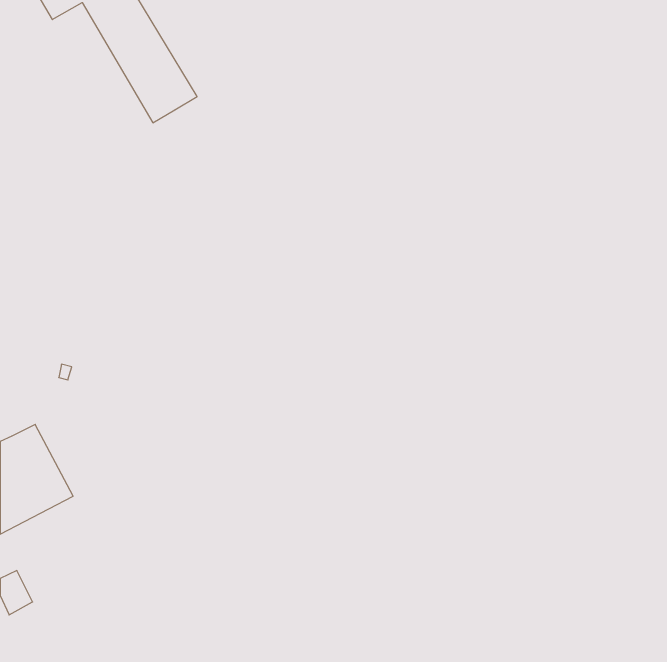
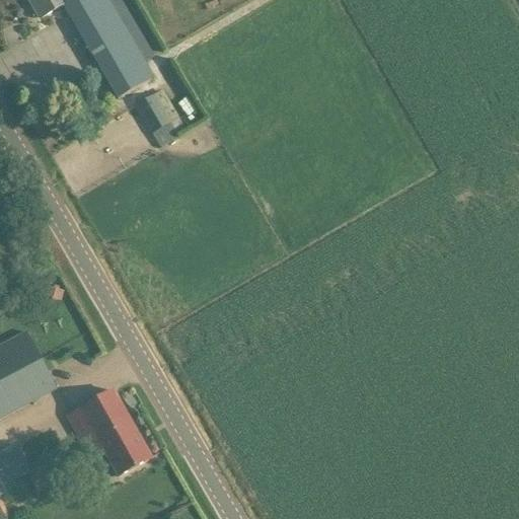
building: none -> [135,90,178,146]
building: none -> [67,387,151,474]

